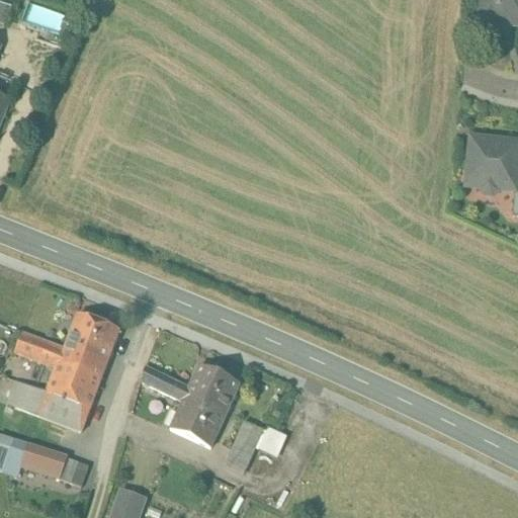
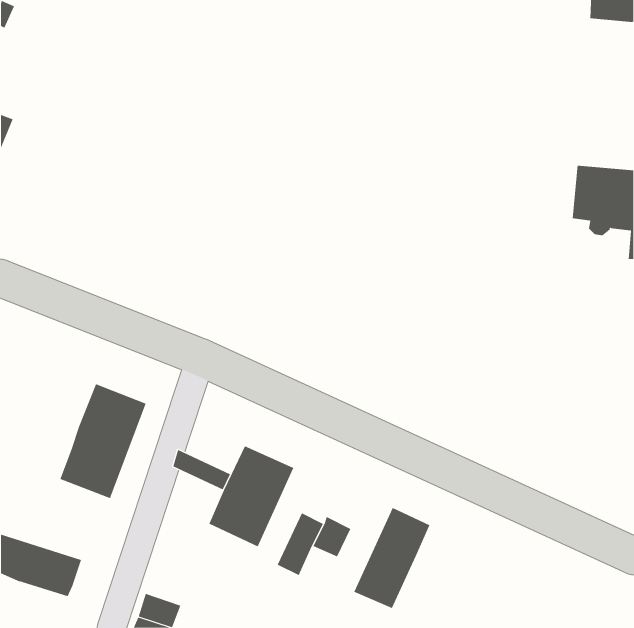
building: [15,332,64,366] -> none
building: [7,378,90,430] -> none
building: none -> [353,507,430,609]
building: [60,456,89,486] -> none

